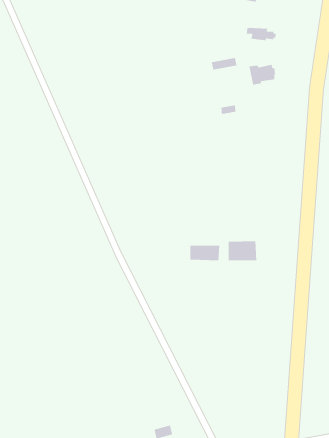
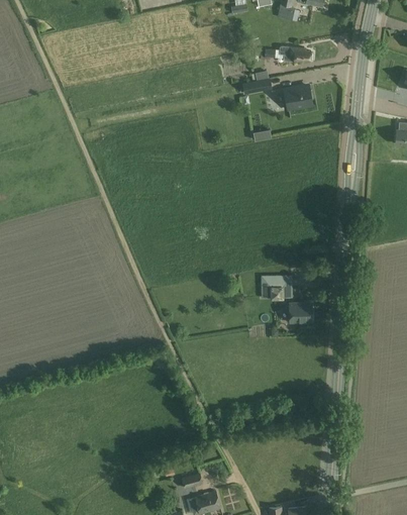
building: [190,245,220,261] -> none
building: none -> [289,302,311,322]

